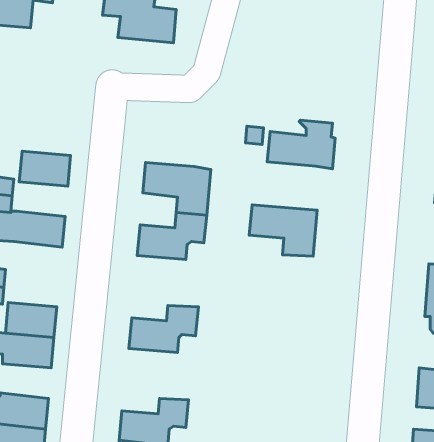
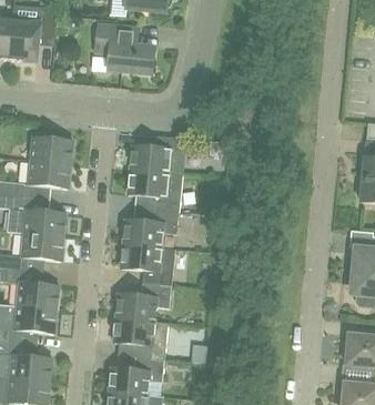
building: [267,120,335,169] -> [130,135,184,174]
building: none -> [31,135,72,163]
building: [249,205,317,256] -> [121,243,175,284]
building: none -> [22,232,63,261]
building: none -> [113,317,169,358]

